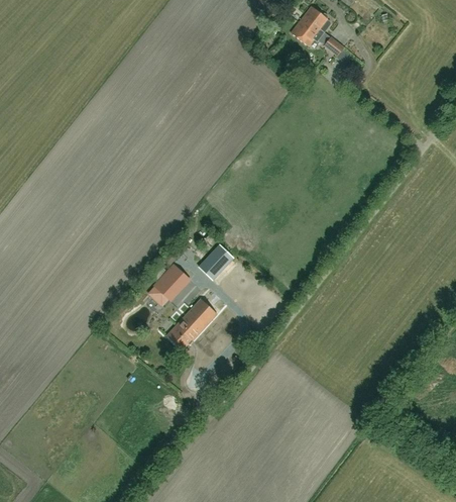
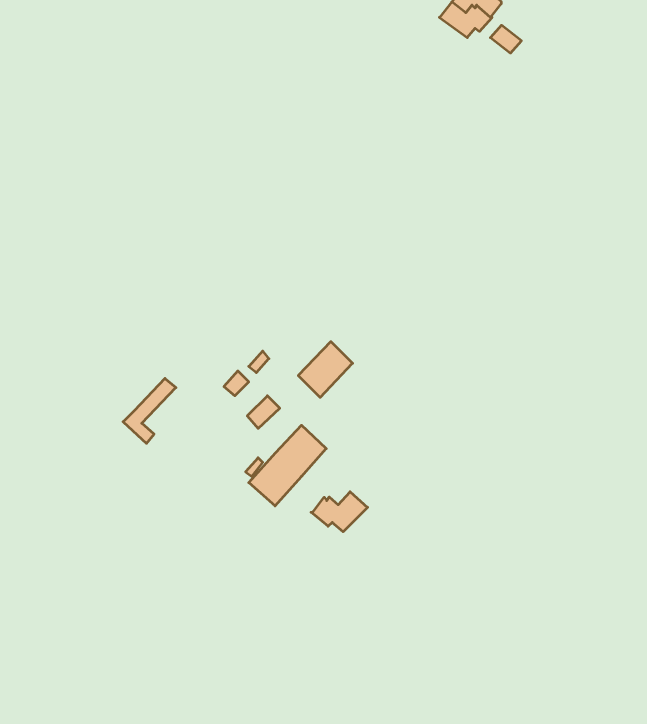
building: [146,265,181,307] -> [123,378,176,443]
building: none -> [311,492,368,532]

